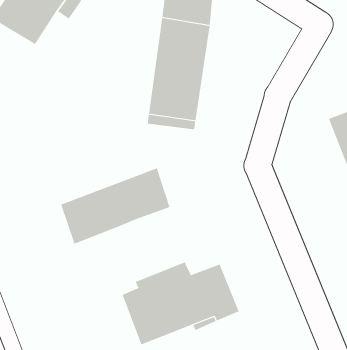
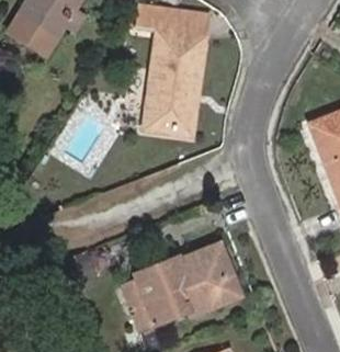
building: [61,167,170,244] -> none
building: none -> [182,242,241,300]

